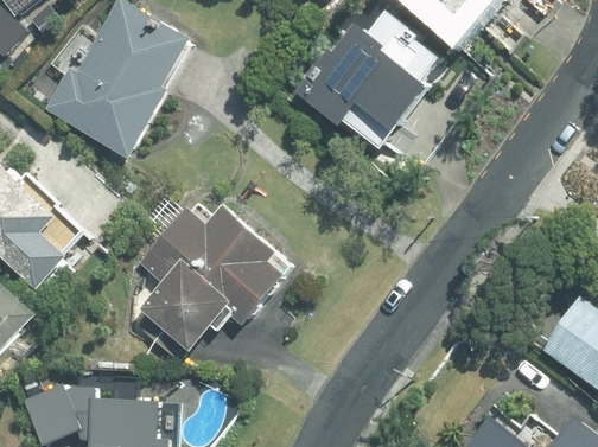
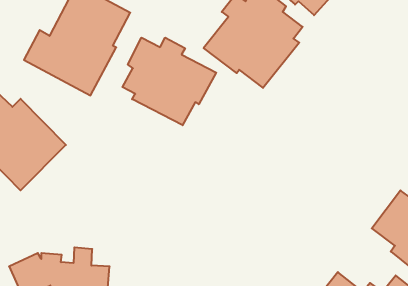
building: none -> [122,38,216,125]
building: [133,200,286,360] -> none

